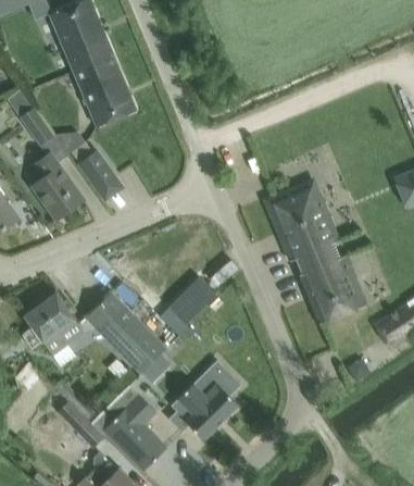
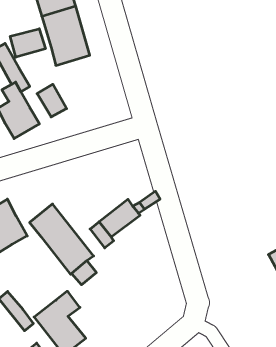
building: none -> [10,29,45,57]
building: [265,189,366,323] -> none
building: [168,360,241,439] -> none

